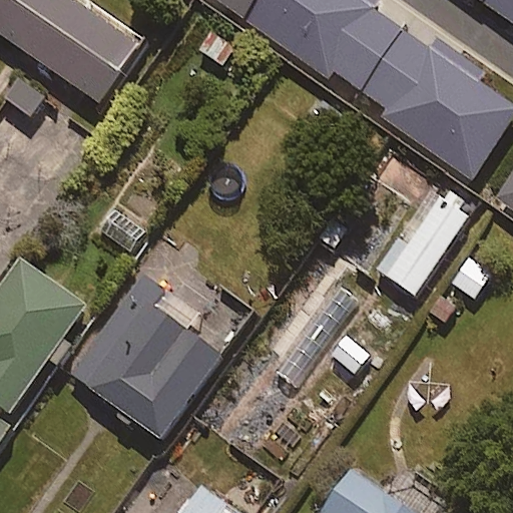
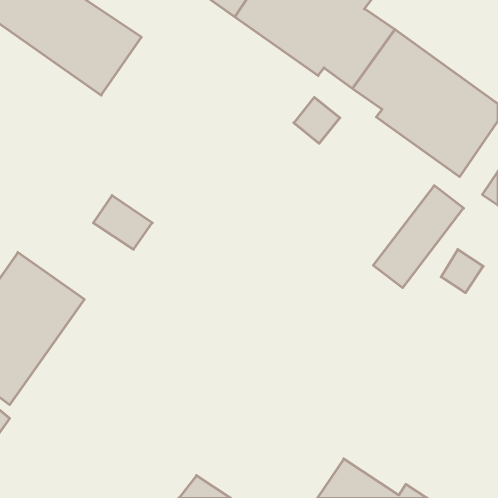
building: [69,285,223,439] -> none

